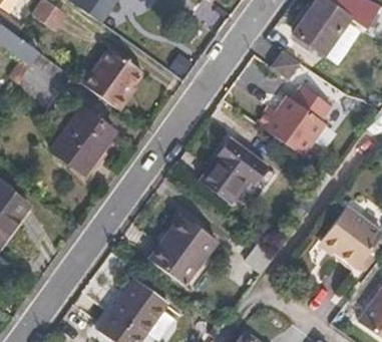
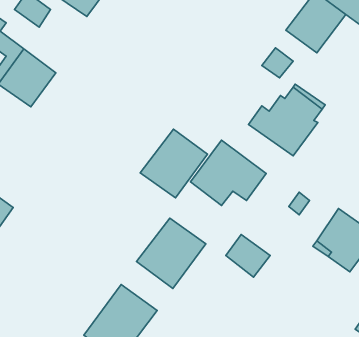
building: [82,45,142,108] -> none
building: [49,107,114,174] -> [140,129,208,198]

